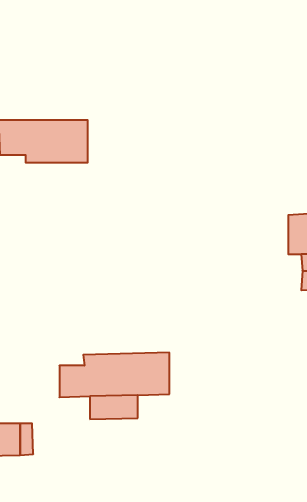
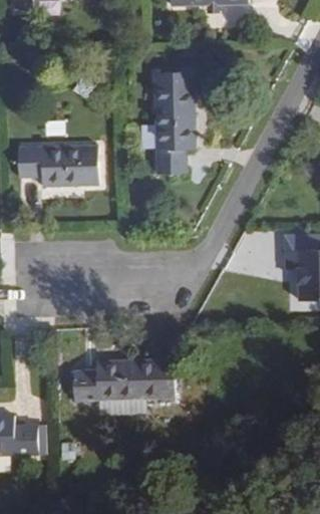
building: none -> [154,72,196,175]

